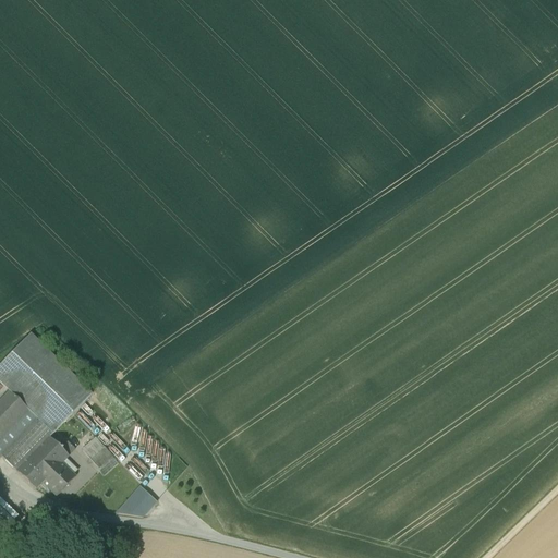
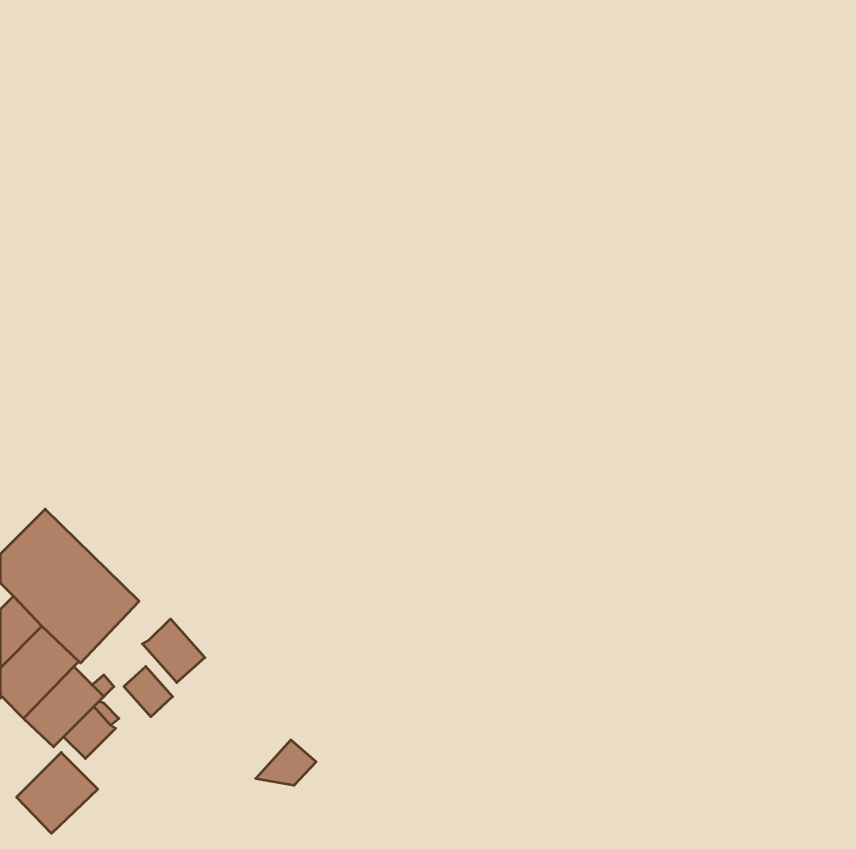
building: none -> [142,619,205,683]
building: [117,485,156,514] -> [256,740,316,785]
building: none -> [17,752,98,833]

